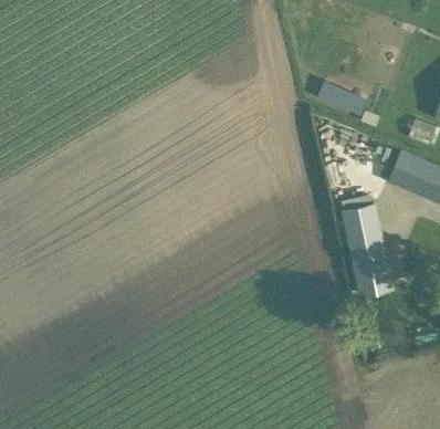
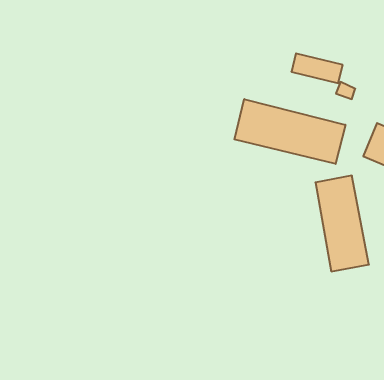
building: none -> [234,99,345,164]

